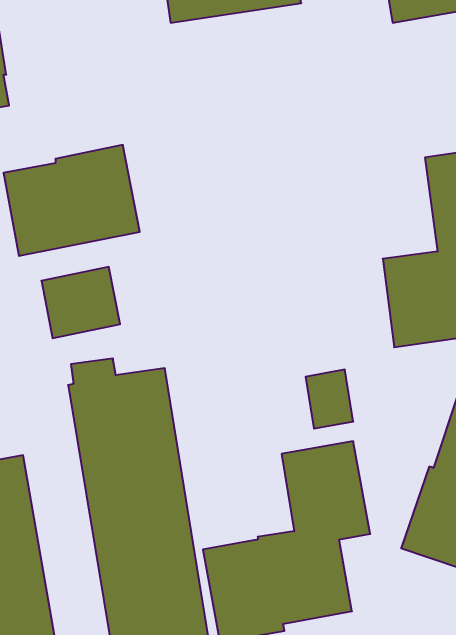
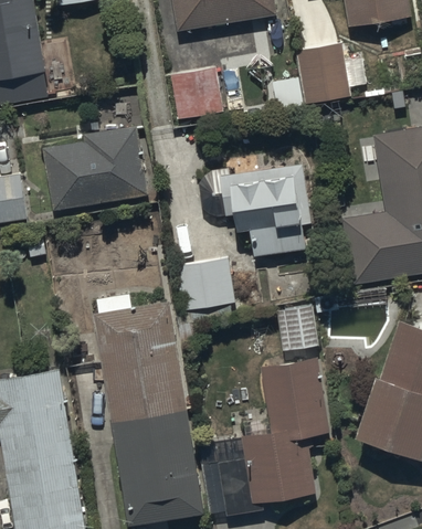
building: none -> [277,42,367,108]
building: none -> [172,62,220,110]
building: none -> [221,165,309,254]
building: [41,267,120,338] -> [176,256,238,313]

